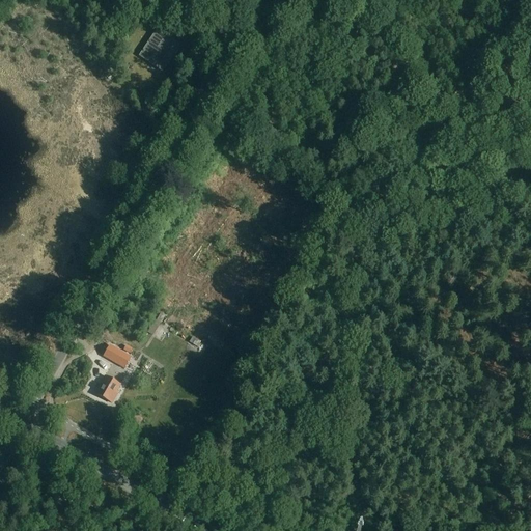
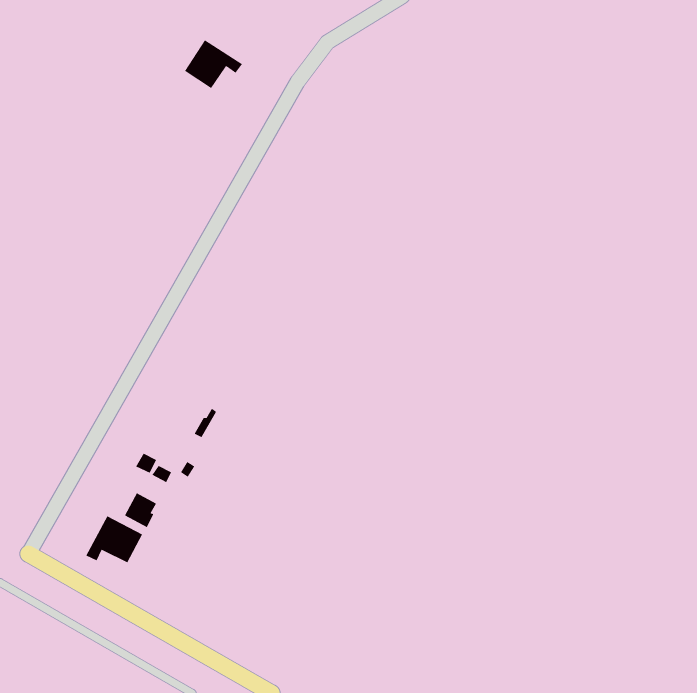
building: none -> [86,515,143,563]

